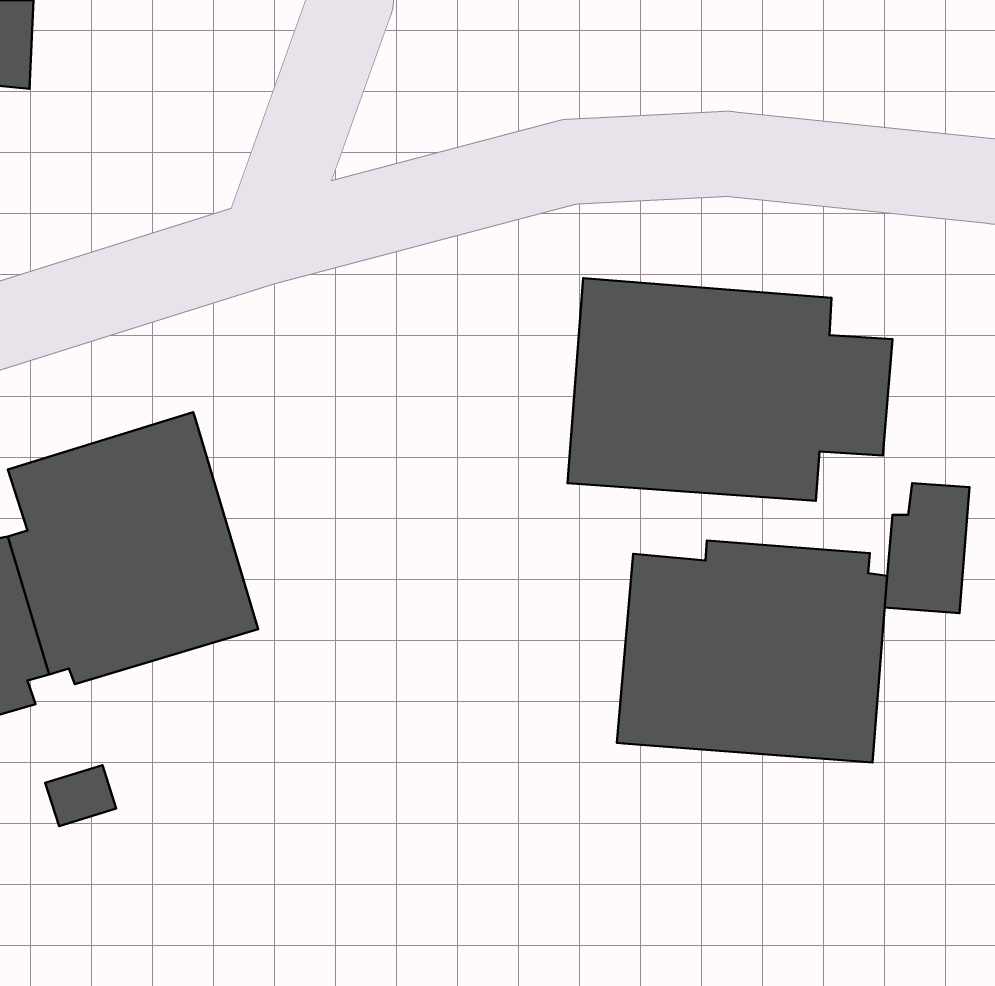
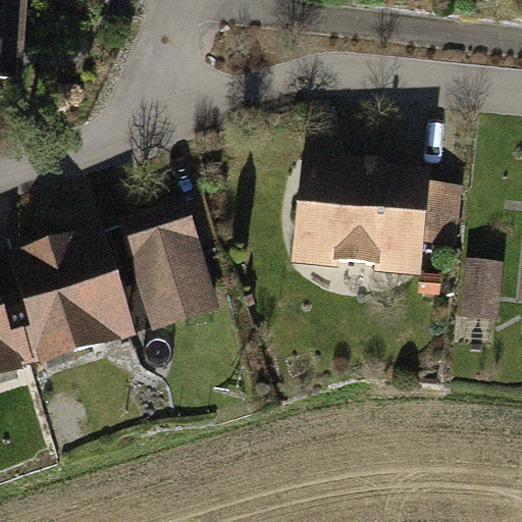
building: none -> [101,202,217,331]
building: [617,541,887,763] -> none

